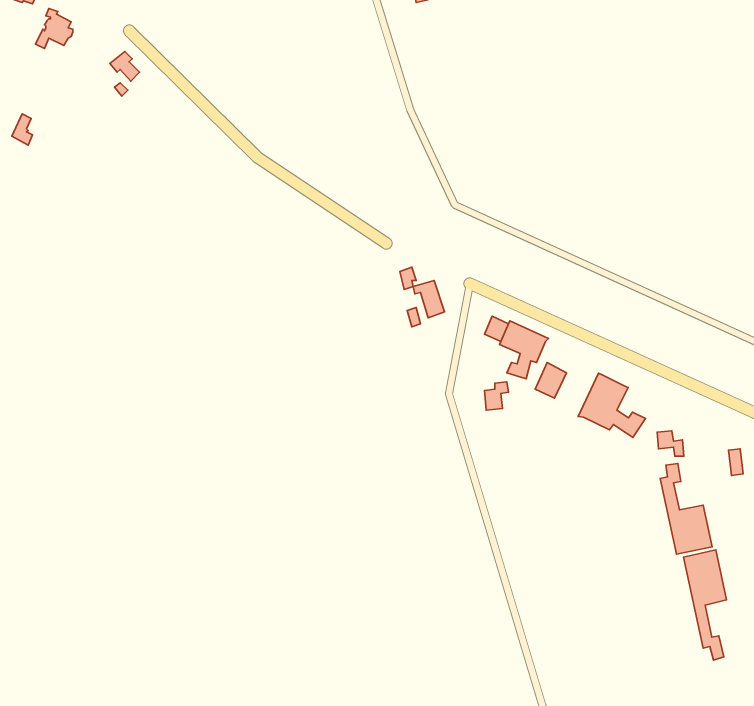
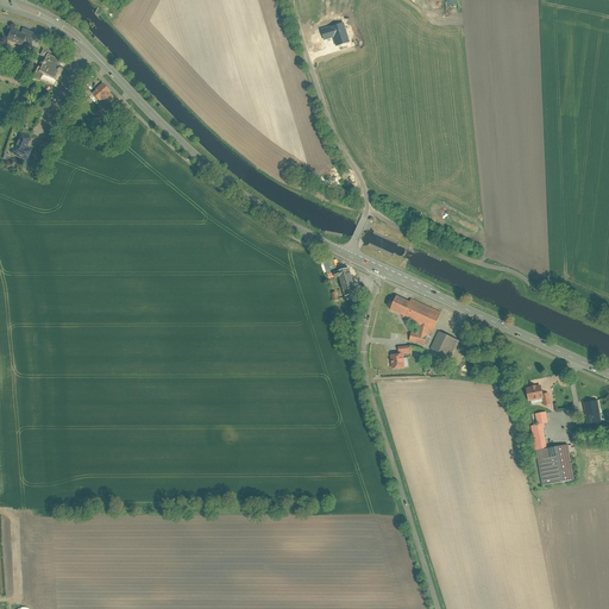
building: [578,373,645,438] -> none
building: [683,550,727,660] -> none

